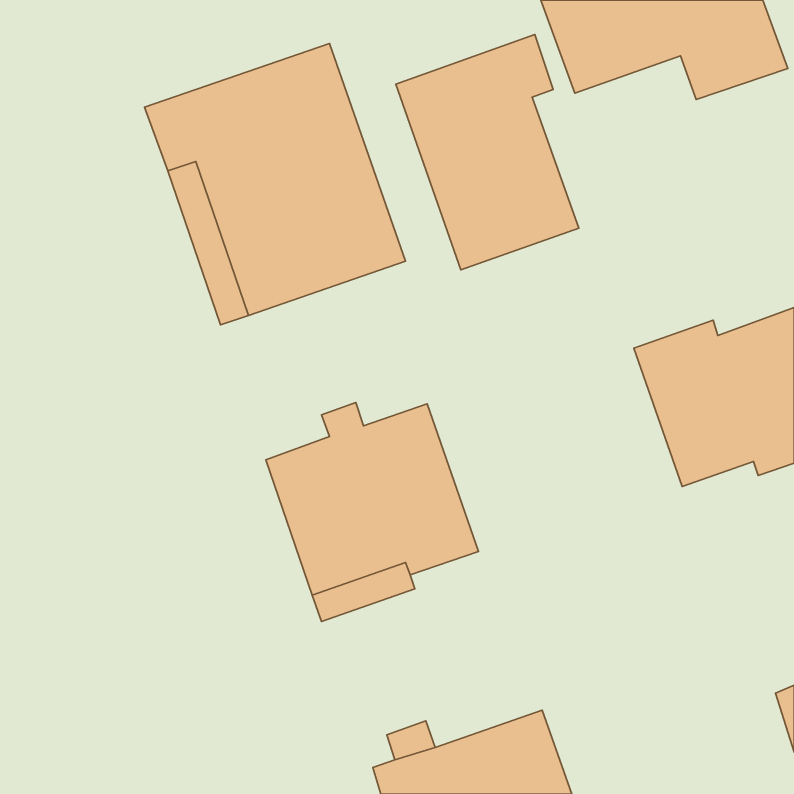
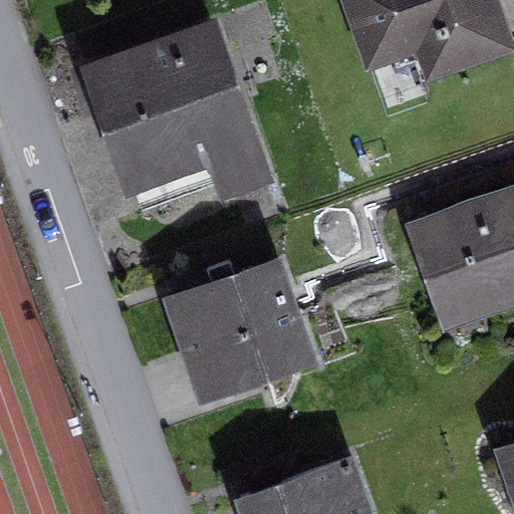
building: [396,35,579,270] -> none

